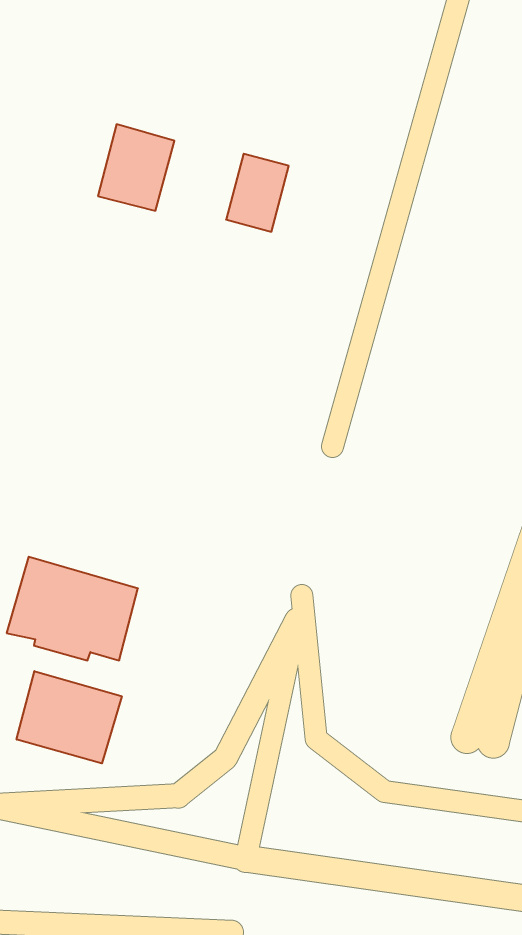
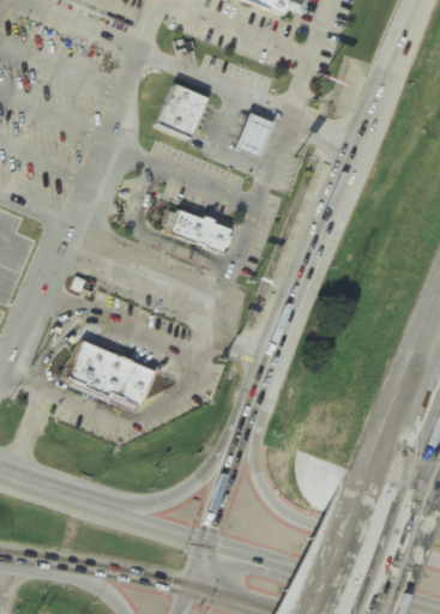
building: none -> [169,207,231,252]
building: [17,671,122,763] -> none

